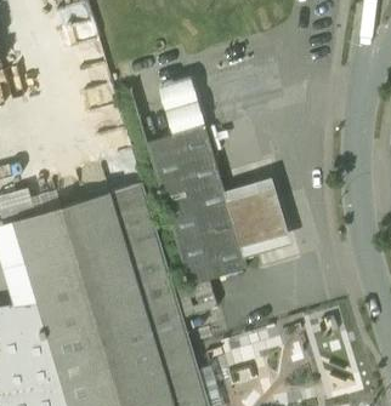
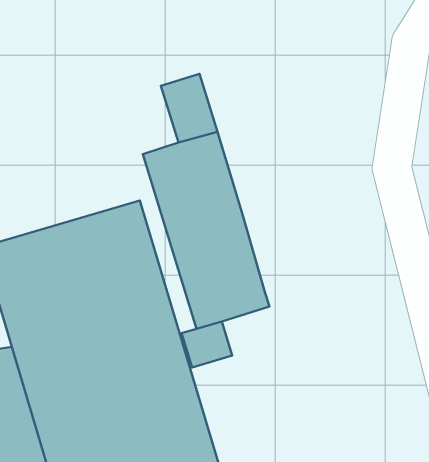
building: [225,183,285,257] -> none

